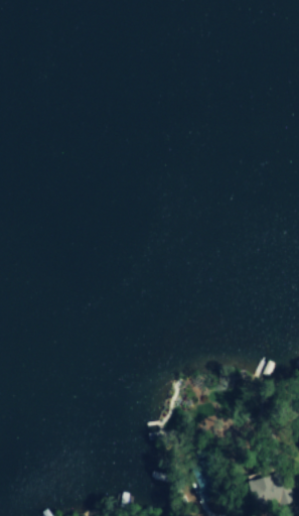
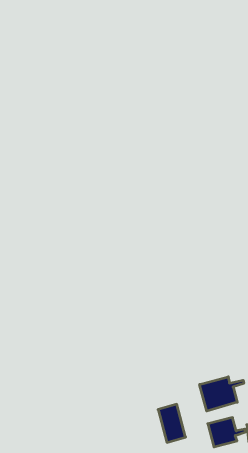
building: none -> [200,377,244,411]

